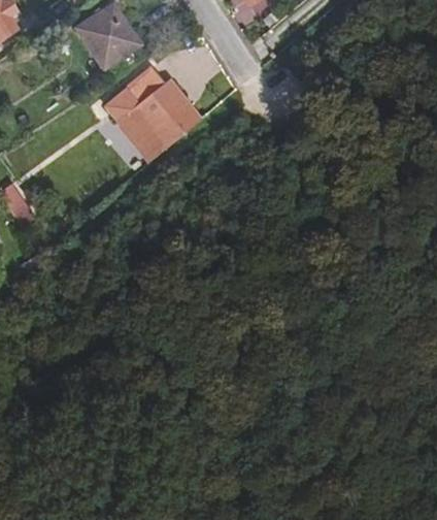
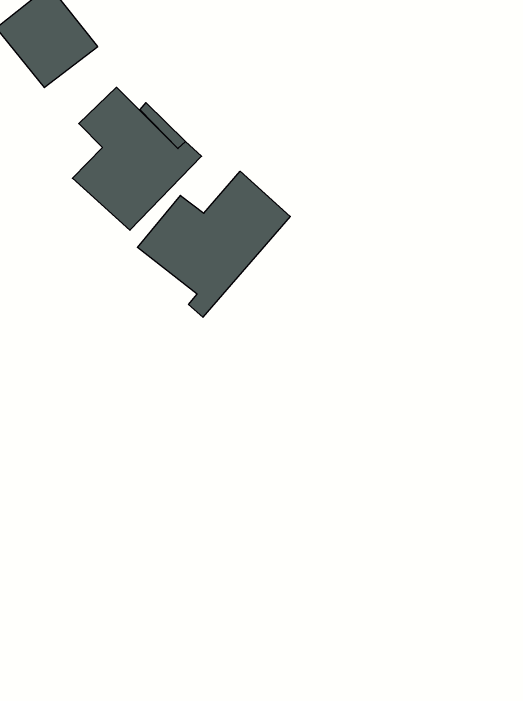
building: none -> [137,171,290,317]

